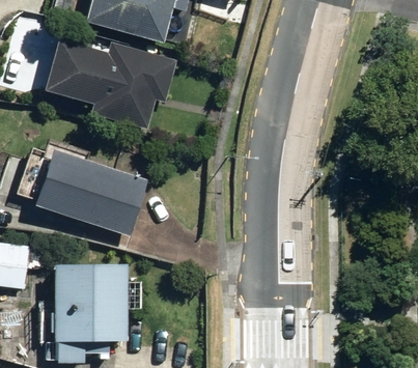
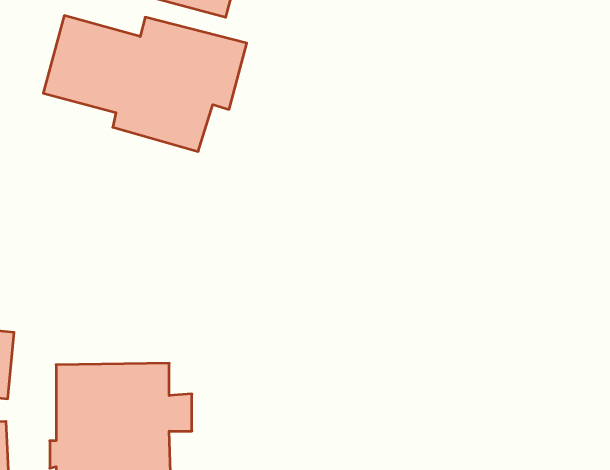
building: [36,149,148,235] -> none

